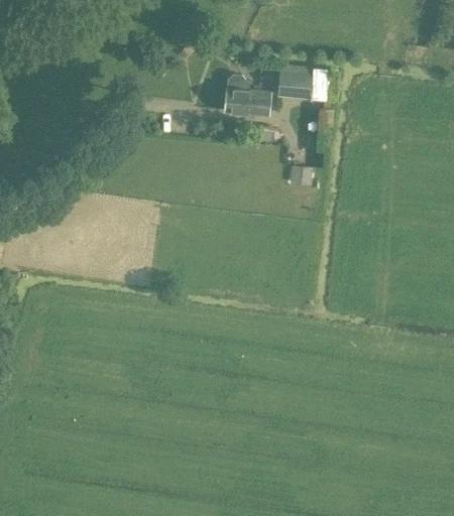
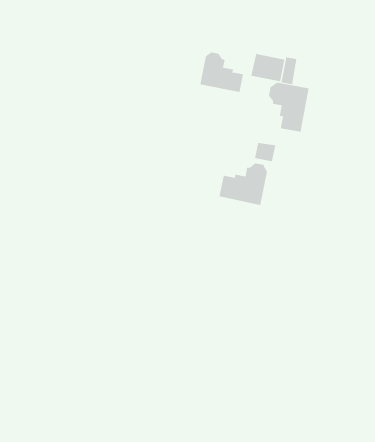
building: none -> [269,82,309,133]
building: none -> [219,163,267,206]

